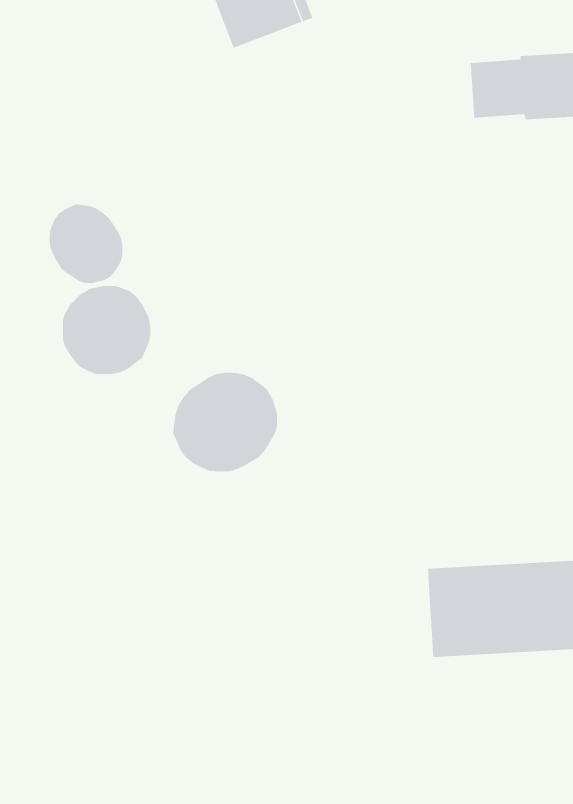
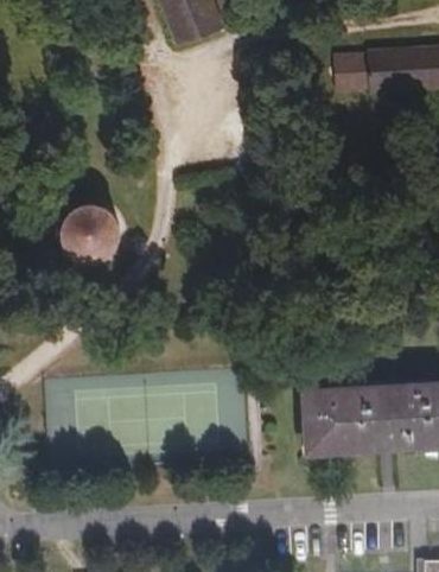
building: [49,204,123,284] -> none
building: [173,372,278,472] -> none

